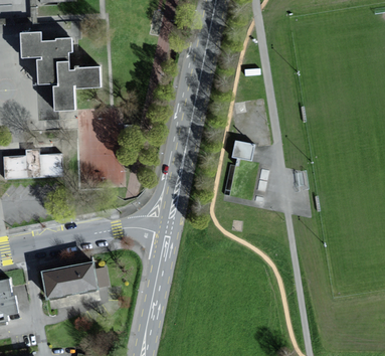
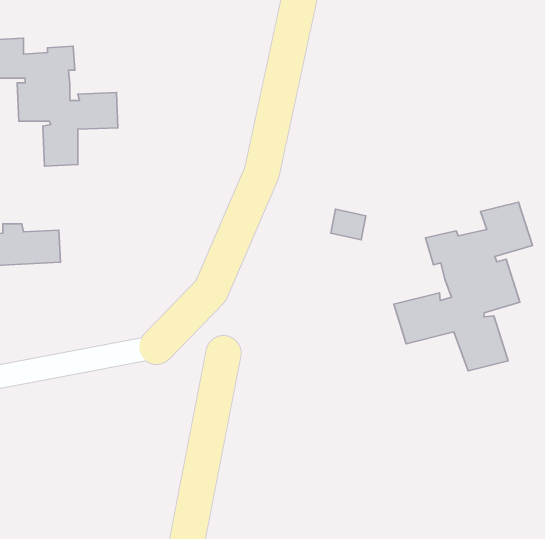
building: none -> [394,202,532,371]
building: [40,259,95,296] -> none

